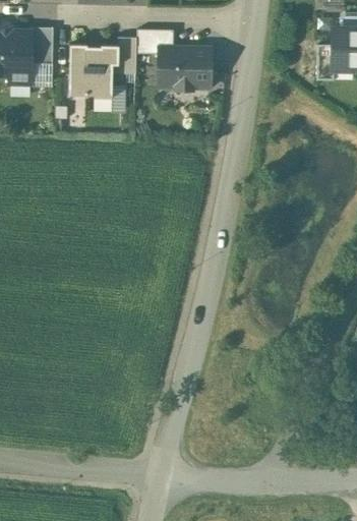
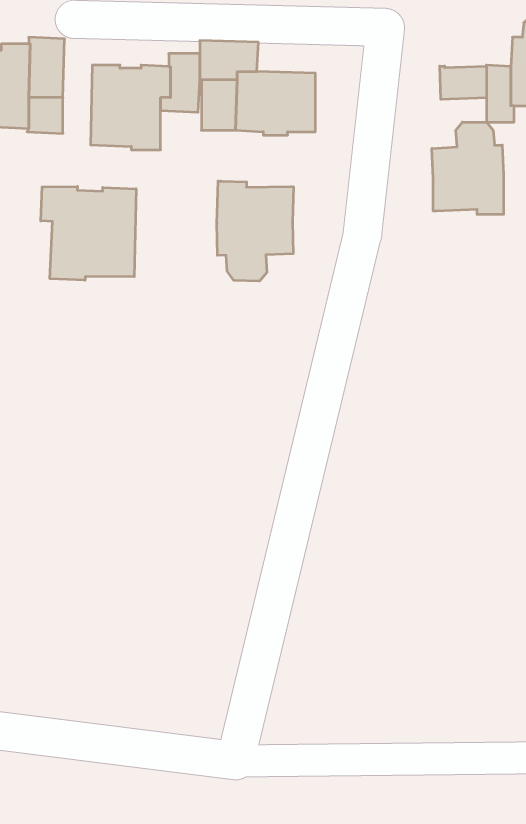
building: none -> [440,66,486,99]
building: none -> [432,122,504,214]
building: none -> [217,181,293,281]
building: none -> [41,186,136,280]

